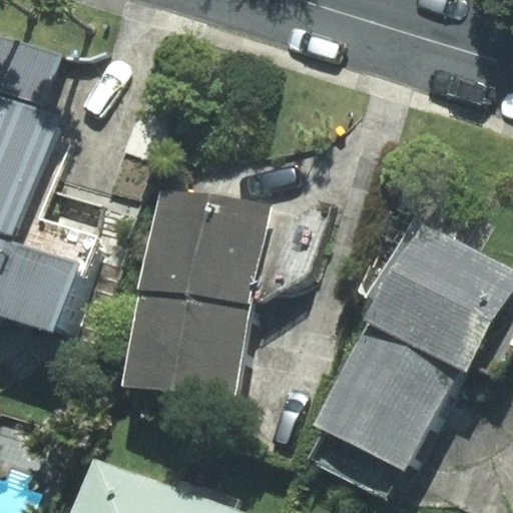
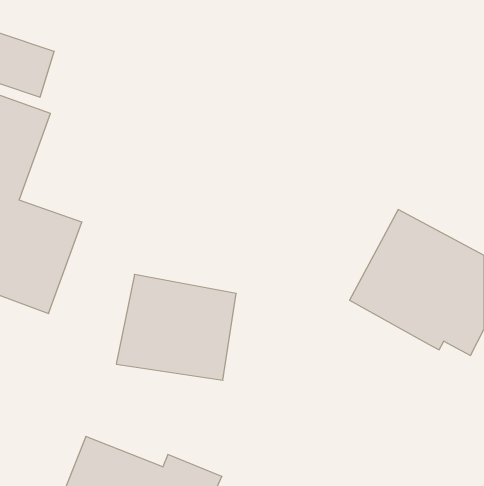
building: [141,193,318,310] -> none
building: [313,317,454,467] -> none

